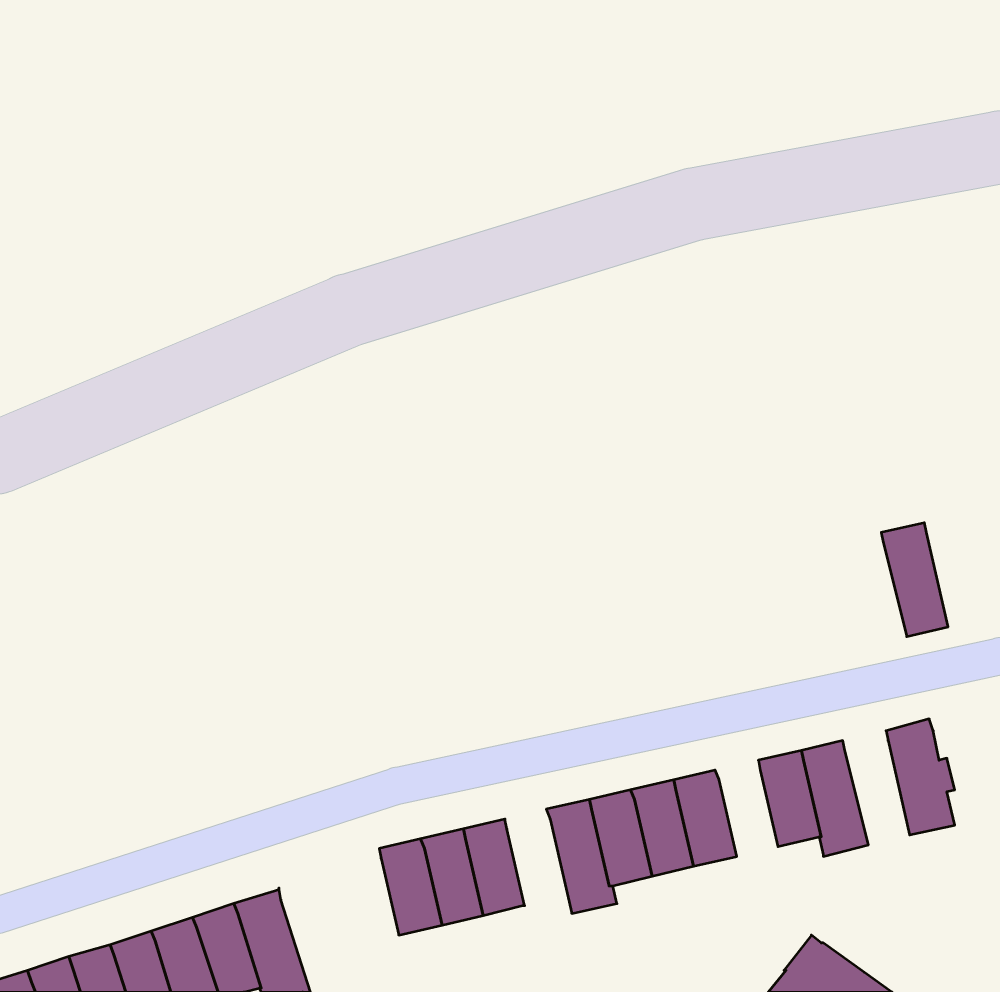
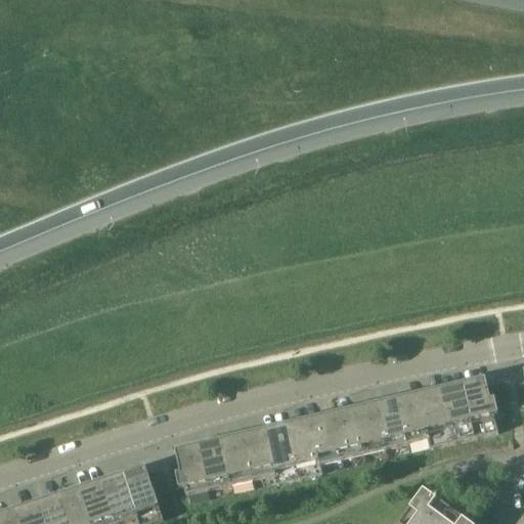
building: [881,523,948,637] -> [439,381,474,440]
building: none -> [373,396,405,446]
building: none -> [263,422,298,482]
building: none -> [174,442,208,492]

